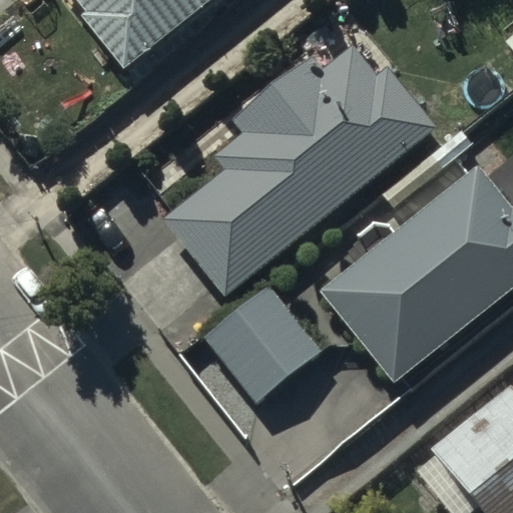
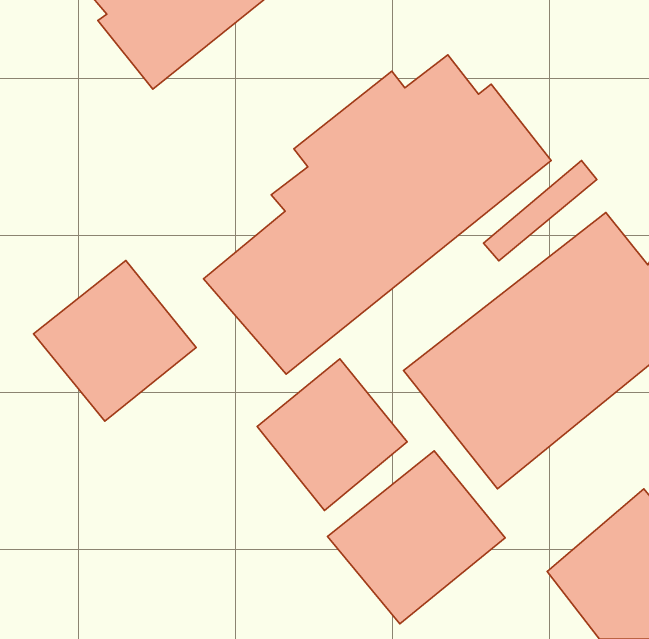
building: none -> [33,261,196,421]
building: none -> [327,451,505,624]

